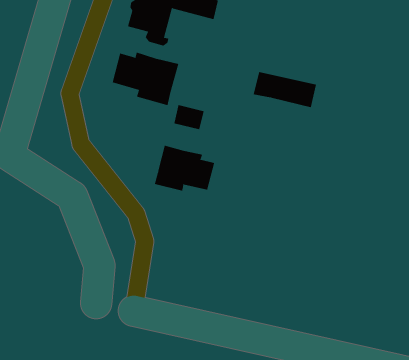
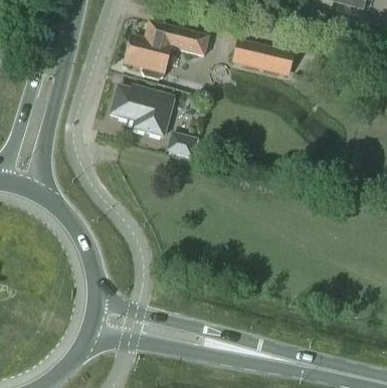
building: [253,71,317,108] -> [231,41,289,74]
building: [154,145,215,192] -> none

